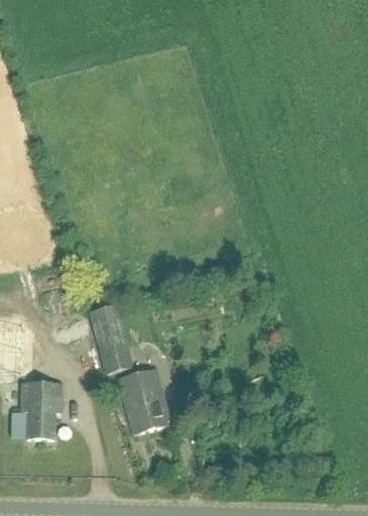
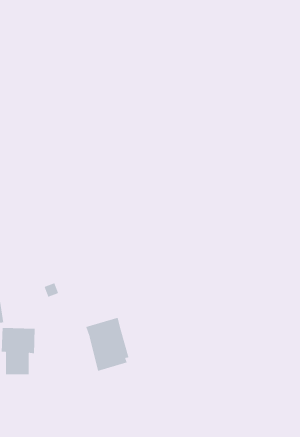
building: [87,303,132,373] -> none

